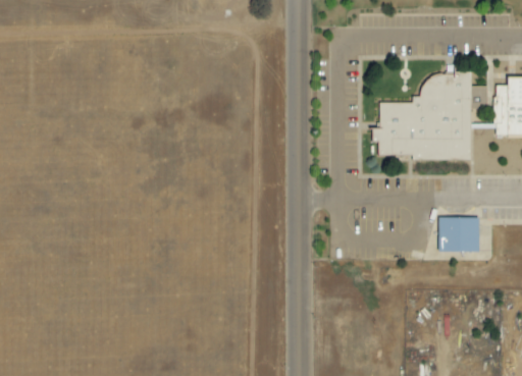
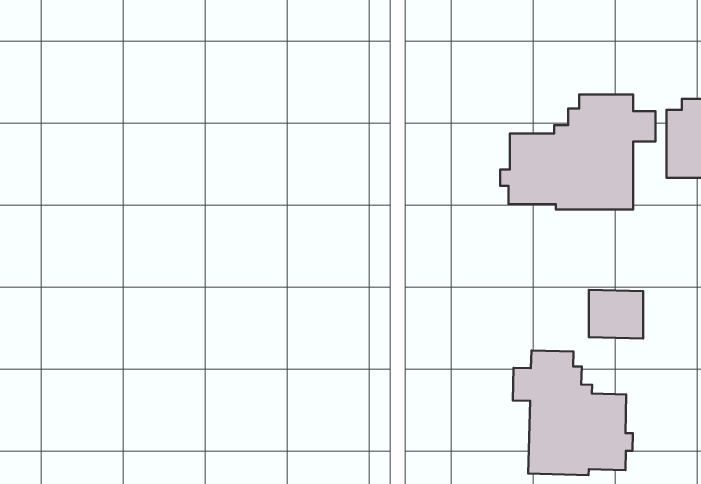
building: none -> [513,350,633,475]

